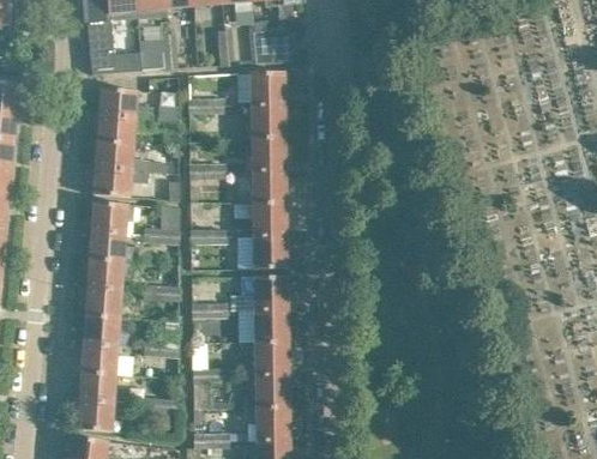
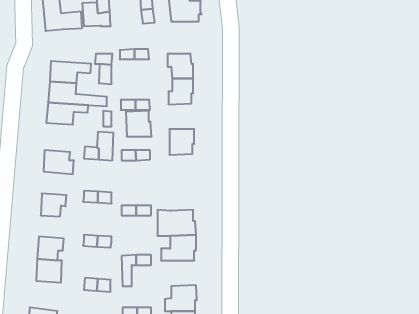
building: [251,71,283,104] -> none
building: [98,87,152,117] -> none
building: [252,169,285,203] -> [126,111,152,137]
building: [90,201,132,232] -> none
building: [253,235,285,268] -> none
building: [86,258,127,289] -> none
building: [241,276,287,309] -> none
building: [83,315,127,345] -> none
building: [255,374,288,407] -> none
building: [77,400,111,430] -> none

